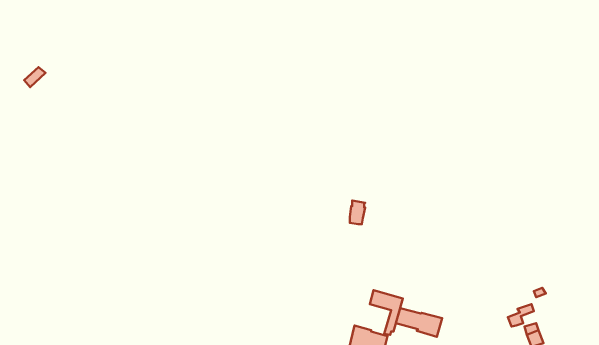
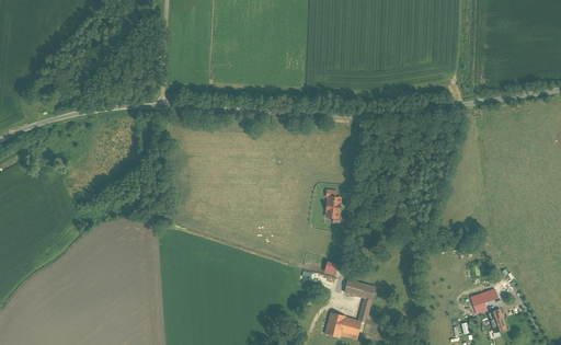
building: [396,308,442,337] -> none

